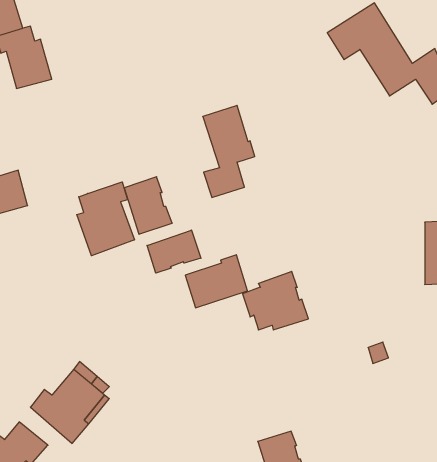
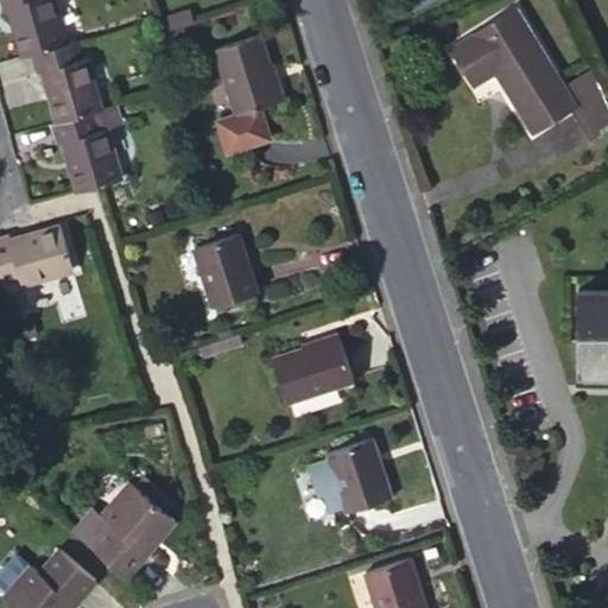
building: none -> [51,106,124,192]
building: [203,105,255,197] -> [216,36,283,153]
building: [77,182,134,256] -> none
building: [147,230,201,273] -> none
building: [243,271,308,330] -> [306,439,391,514]

